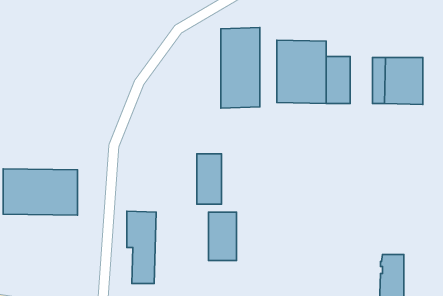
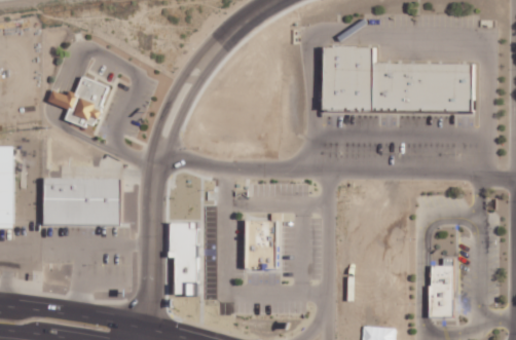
building: [221,28,260,108] -> none
building: none -> [398,63,420,111]
building: none -> [47,76,109,127]
building: [197,154,222,204] -> none

